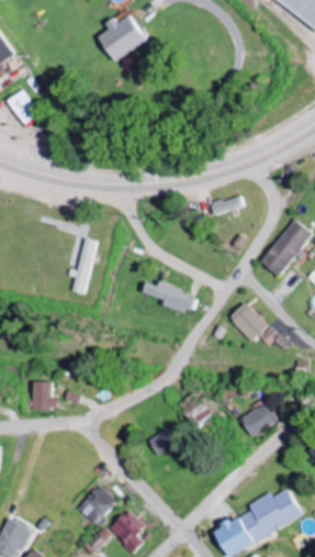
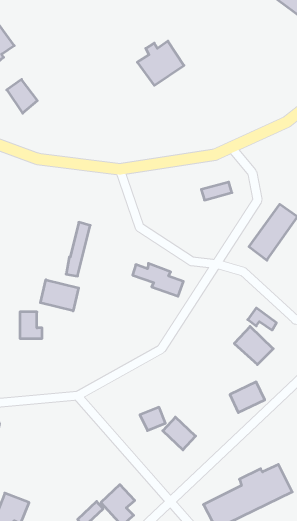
building: [99,14,147,60] -> [137,41,184,85]
building: none -> [40,280,79,311]
building: [226,301,267,341] -> [234,326,273,365]
building: [32,381,55,409] -> [20,312,42,338]
building: [179,393,213,427] -> [163,417,196,450]
building: [77,486,116,525] -> none

